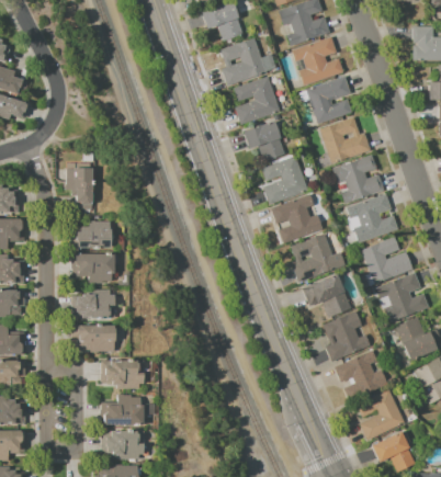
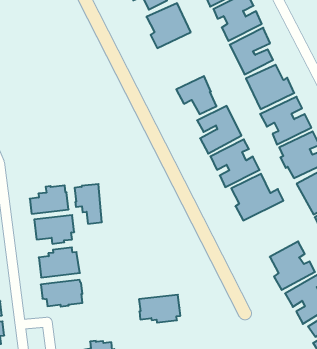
building: [234,77,279,124] -> none
building: [65,168,92,209] -> [75,184,102,224]
building: [302,274,351,318] -> none
building: [100,361,144,388] -> [139,295,180,323]

